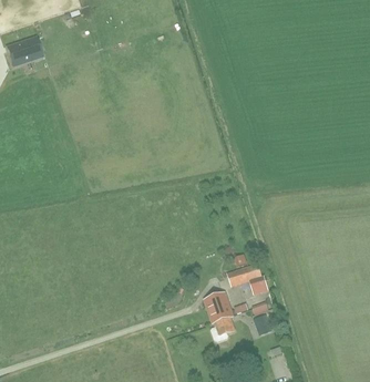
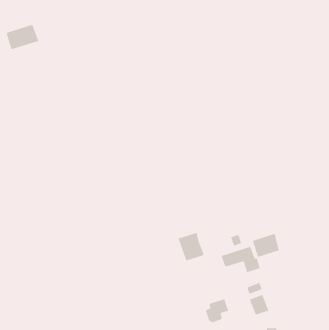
building: none -> [252,233,280,258]
building: [204,292,232,323] -> [177,232,205,262]

